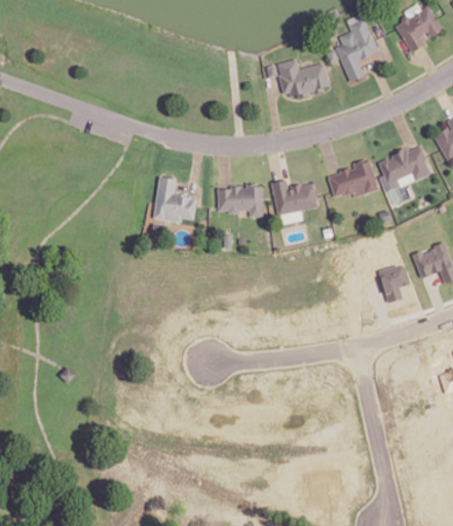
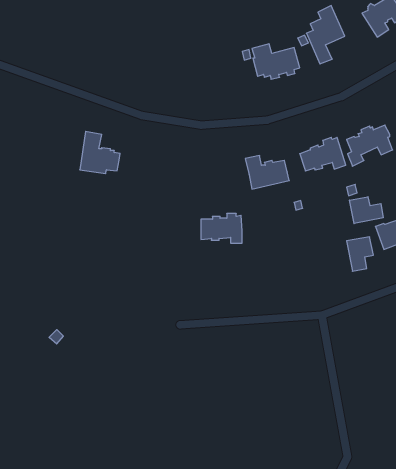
building: [152,177,195,222] -> [80,131,120,174]
building: [218,184,262,216] -> [201,214,242,243]
building: none -> [350,197,383,224]

